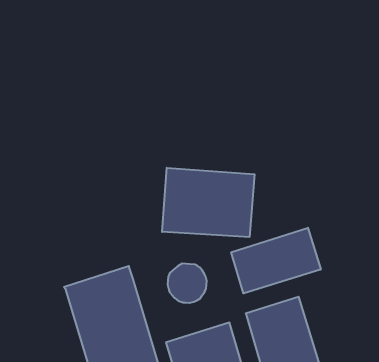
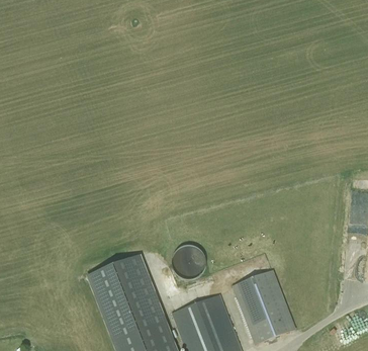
building: [162,168,255,237] -> none
building: [231,228,321,293] -> none

